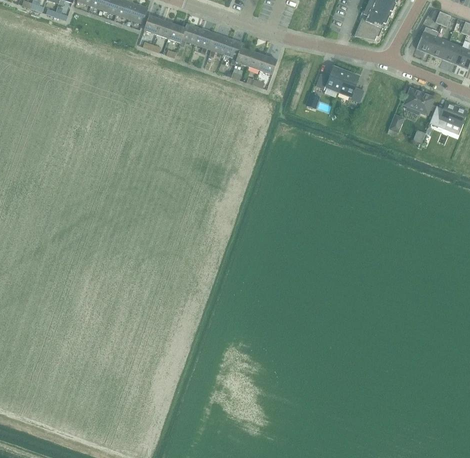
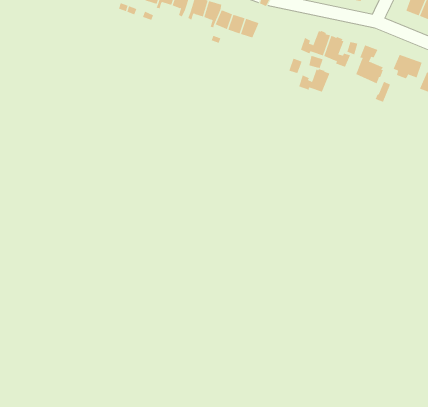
building: none -> [356,45,384,84]
building: none -> [298,68,330,93]

